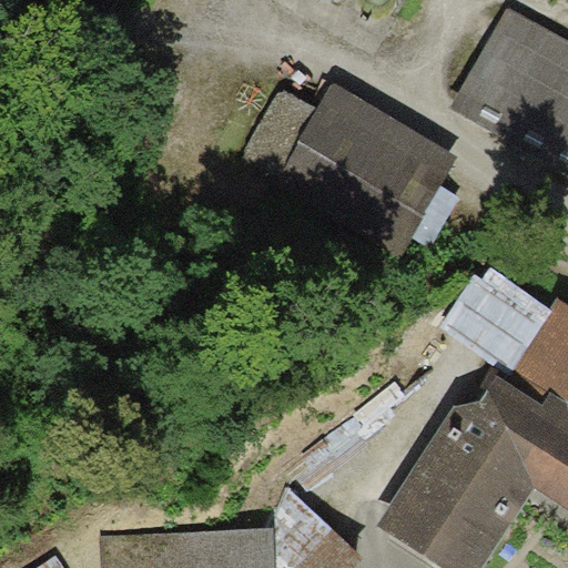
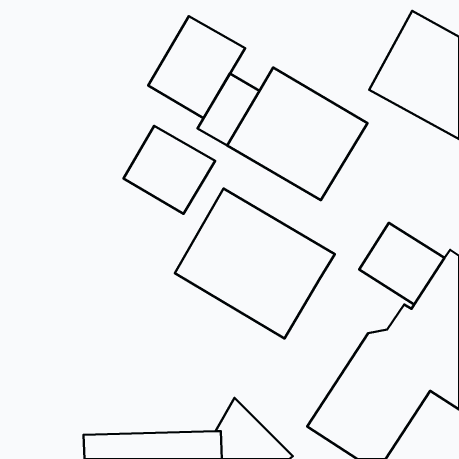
building: none -> [148,16,245,118]
building: none -> [124,126,215,214]
building: none -> [175,188,335,339]

